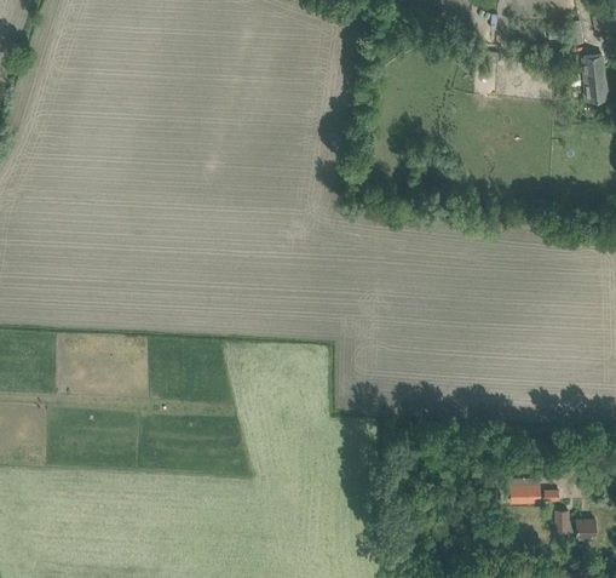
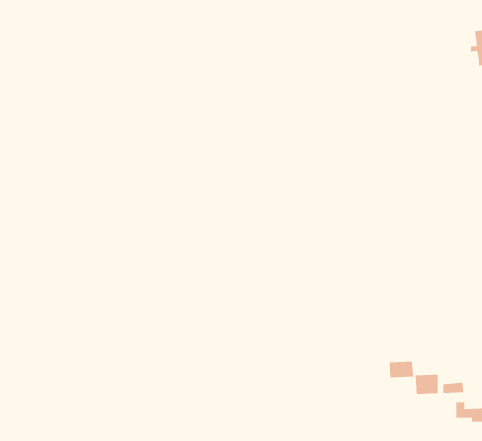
building: none -> [389,361,414,378]

